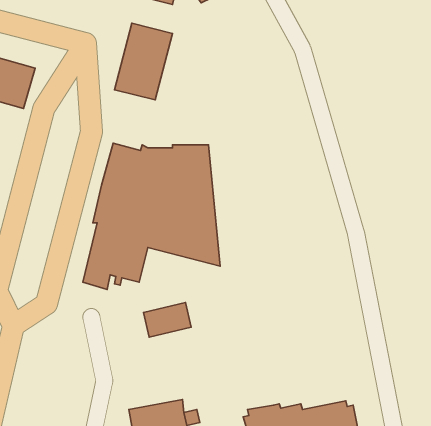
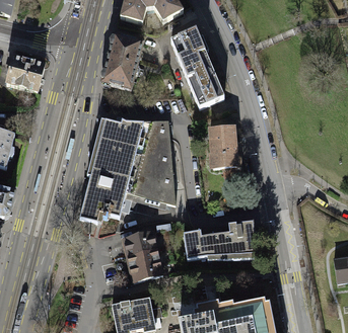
building: none -> [170,29,224,107]
building: none -> [210,127,245,179]
building: none -> [184,219,258,258]
building: none -> [127,247,162,280]

